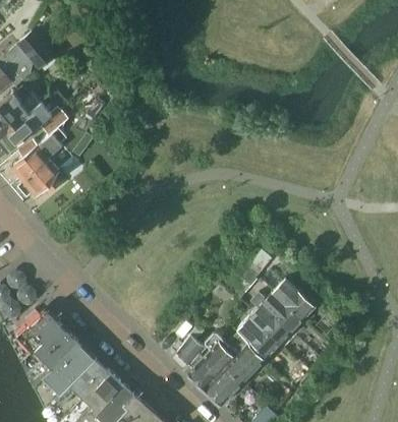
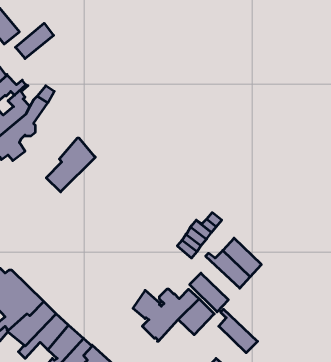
building: none -> [15,23,54,59]
building: none -> [46,138,95,192]
building: [250,298,292,345] -> [219,309,258,353]
building: [205,366,243,406] -> none

